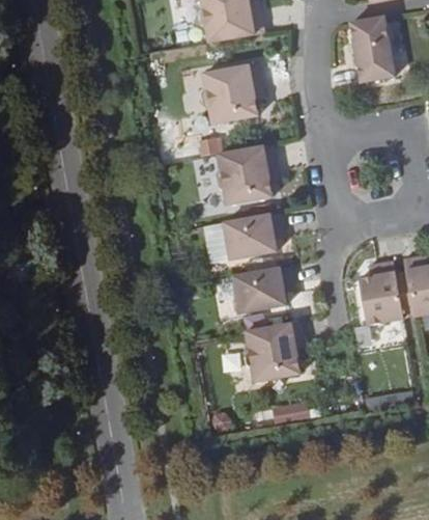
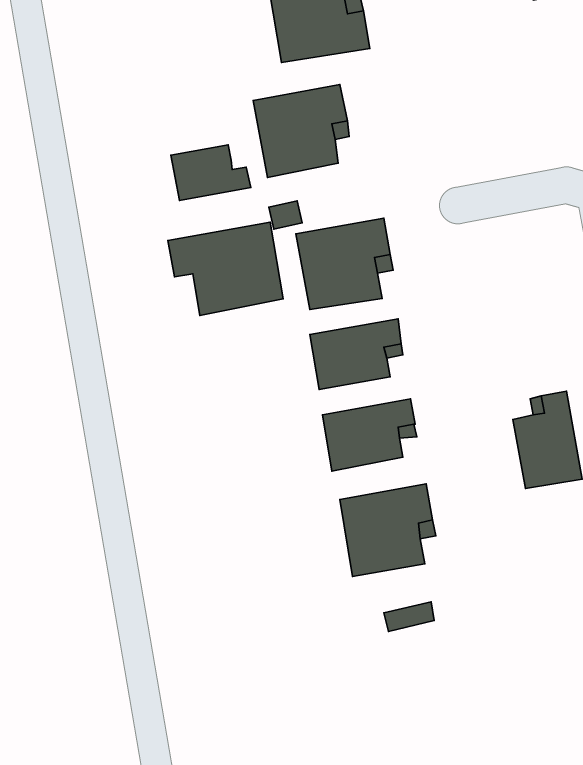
building: [352,17,397,82] -> none
building: none -> [171,145,251,200]
building: none -> [168,222,283,315]

